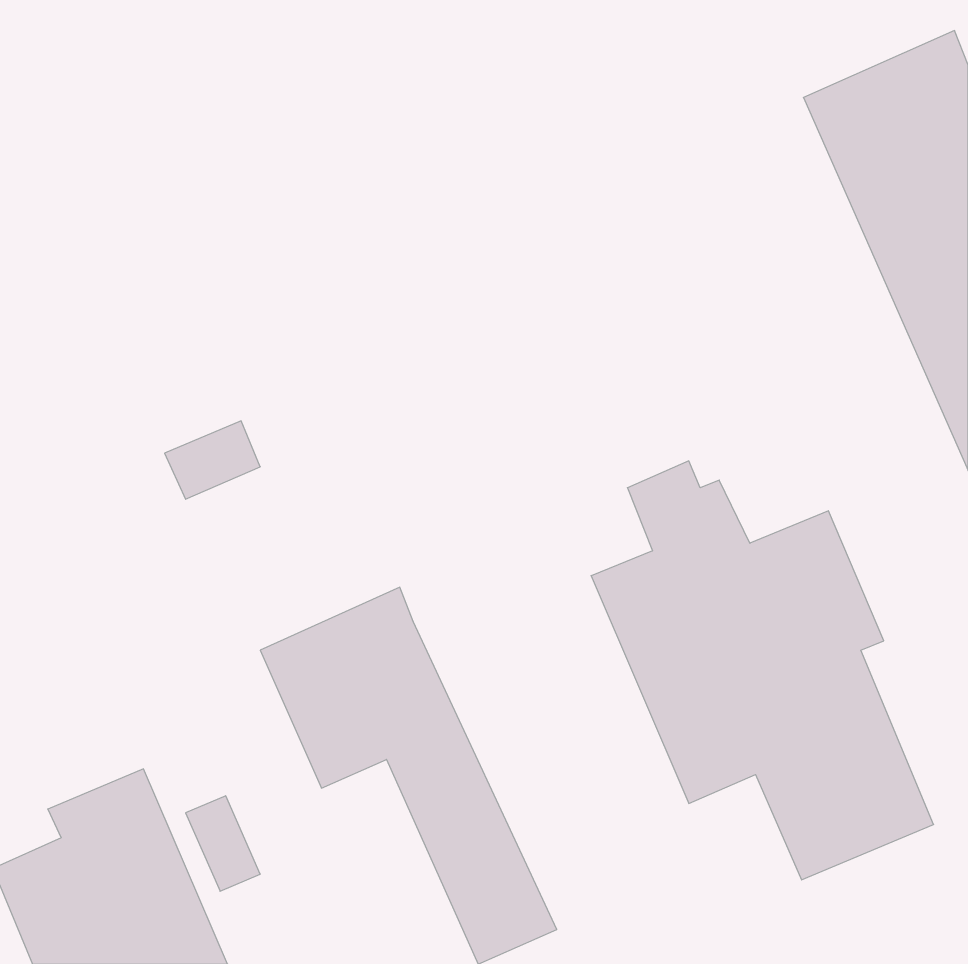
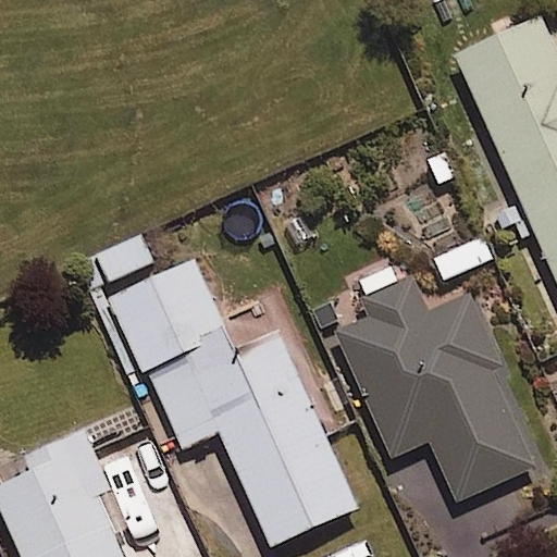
building: none -> [111,261,227,372]
building: none -> [235,334,358,529]

